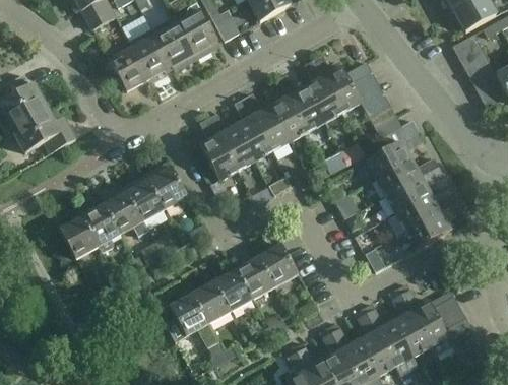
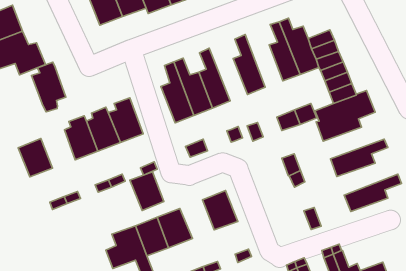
building: [278,75,324,131] -> none
building: [243,93,290,150] -> none
building: [375,157,438,196] -> none
building: [394,193,457,232] -> none
building: [81,199,120,252] -> [31,62,66,112]
building: [236,257,274,299] -> [130,172,164,210]

